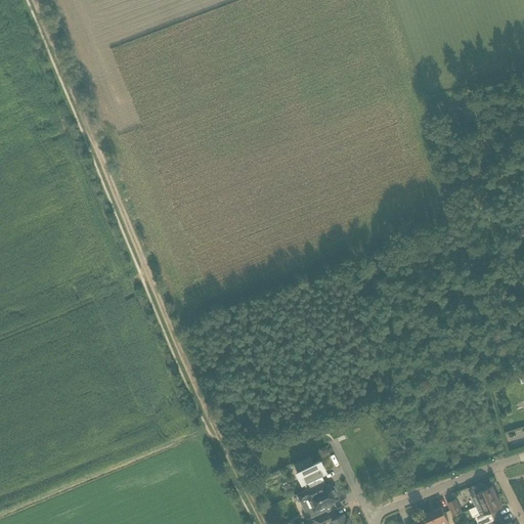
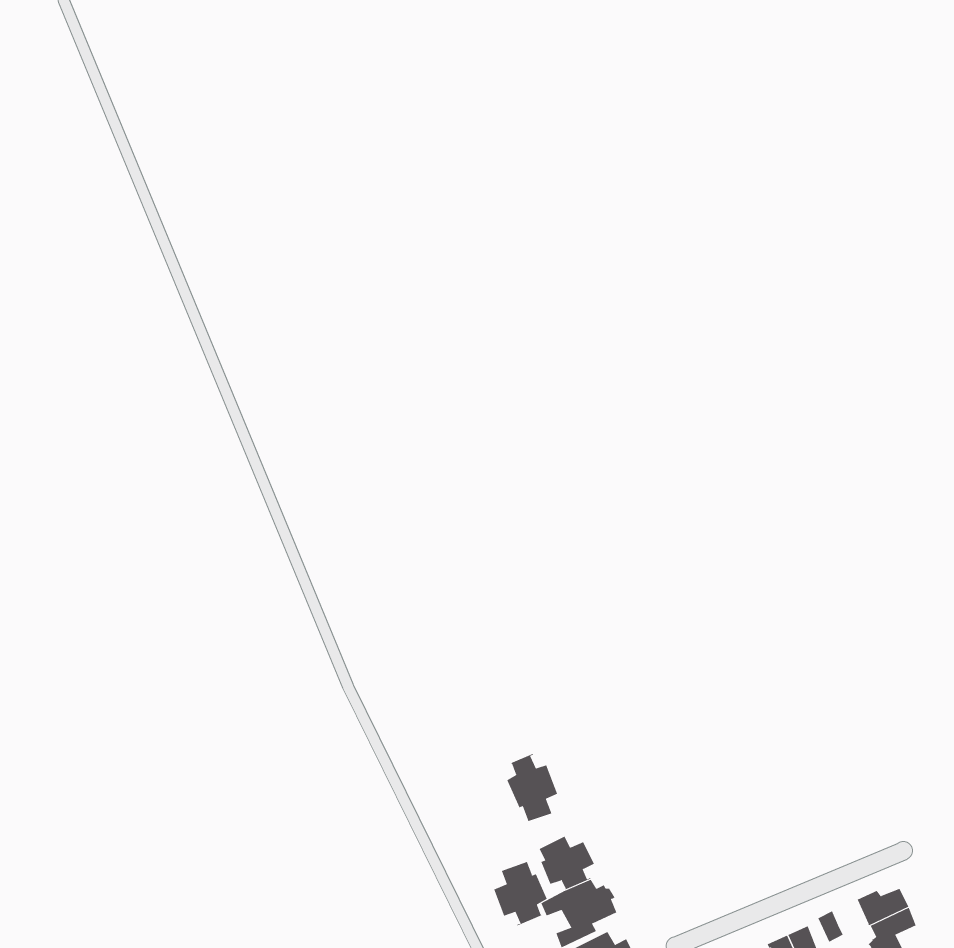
building: none -> [507,753,558,822]
building: none -> [494,861,547,926]

